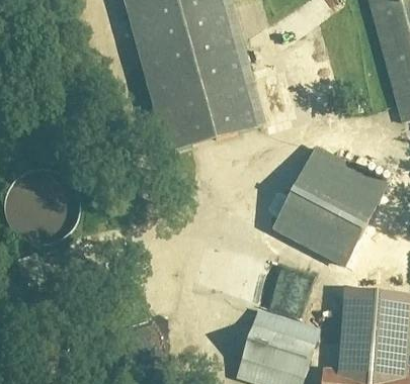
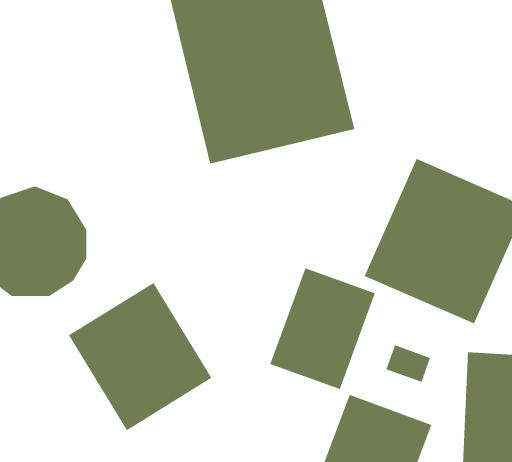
building: none -> [270,267,376,390]
building: none -> [68,282,212,431]

